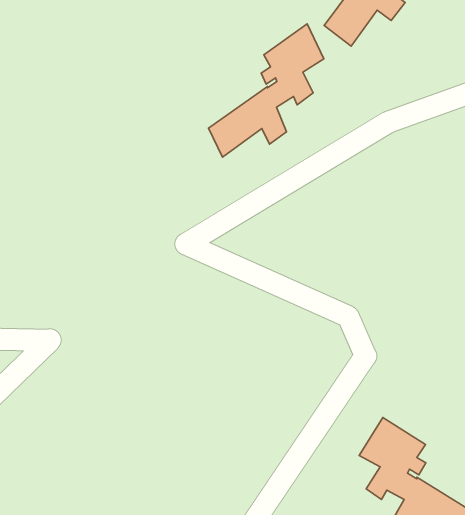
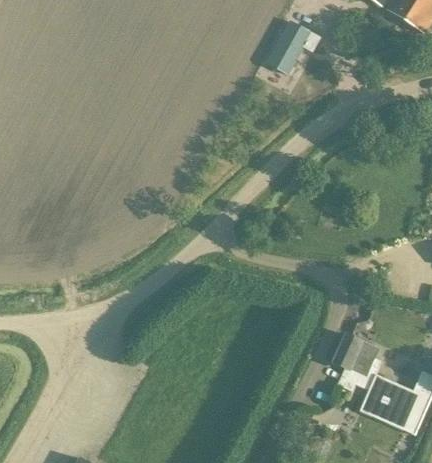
building: [209,24,324,157] -> none

